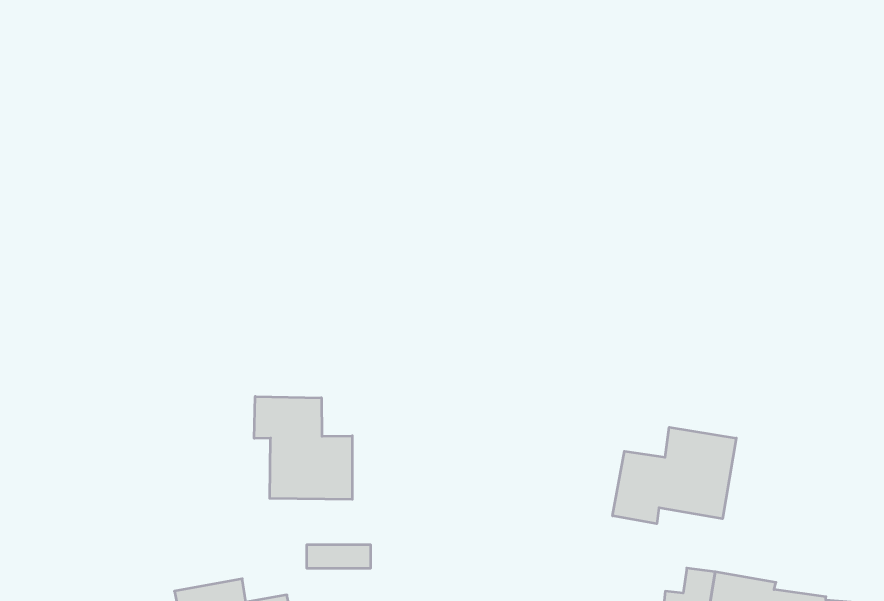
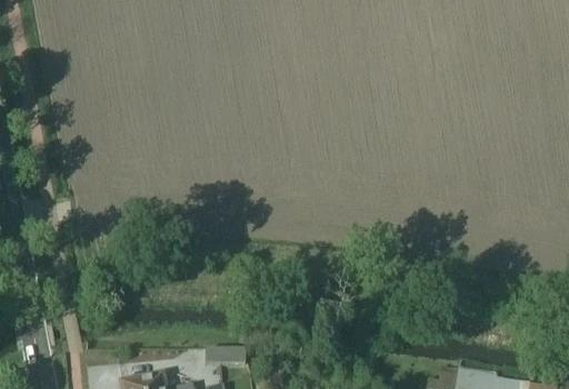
building: [254,396,352,499] -> none
building: [613,427,736,524] -> none

